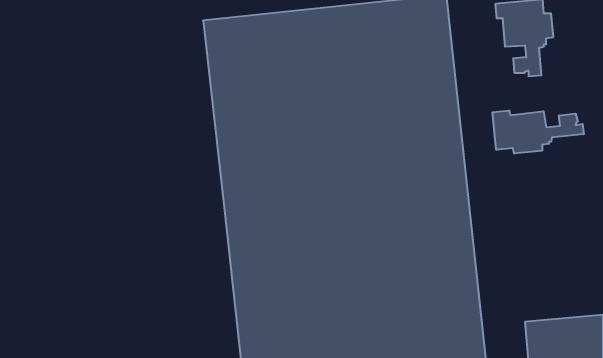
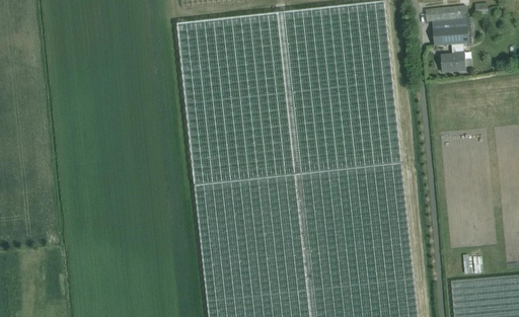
building: [492,110,584,154] -> none

